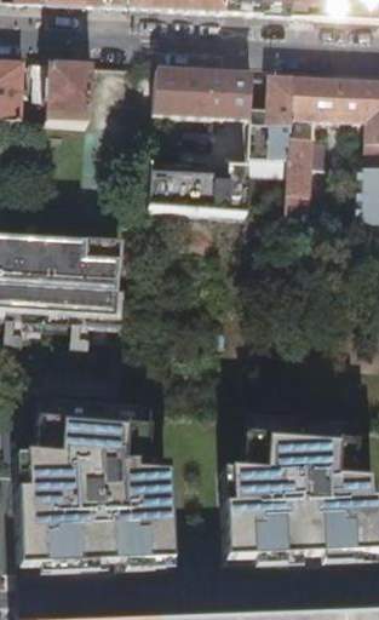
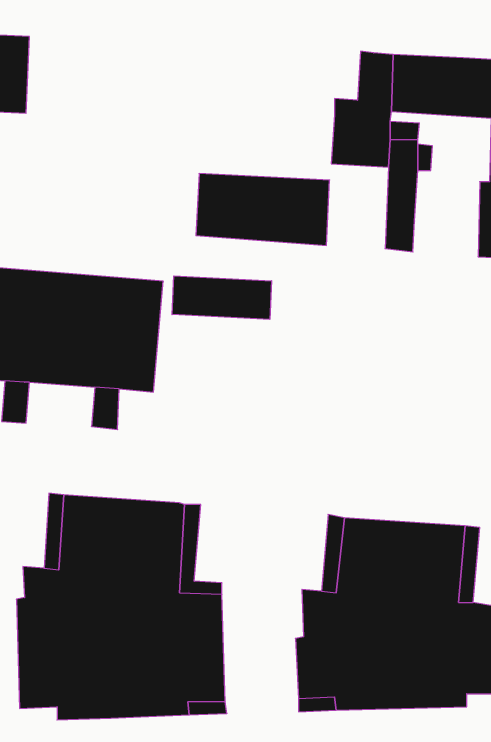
building: [34,61,93,124] -> none
building: [155,67,253,119] -> none
building: none -> [172,276,272,319]

